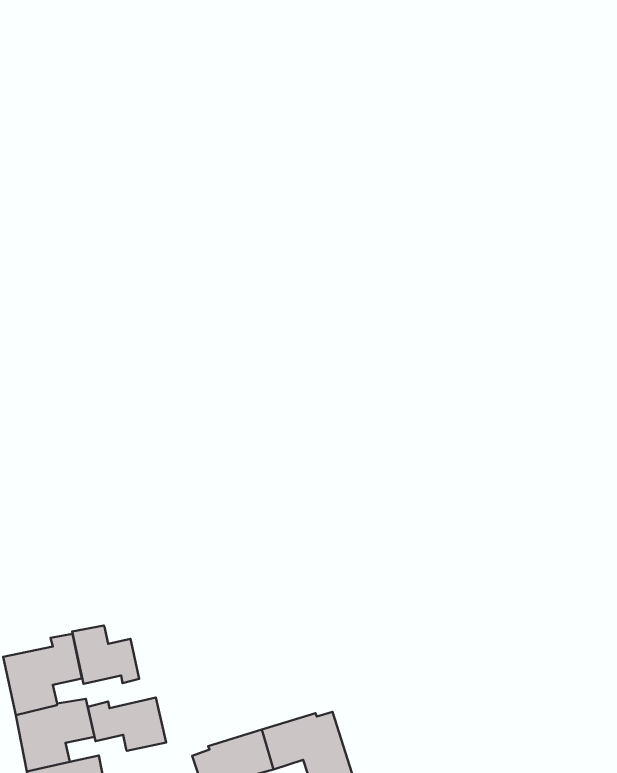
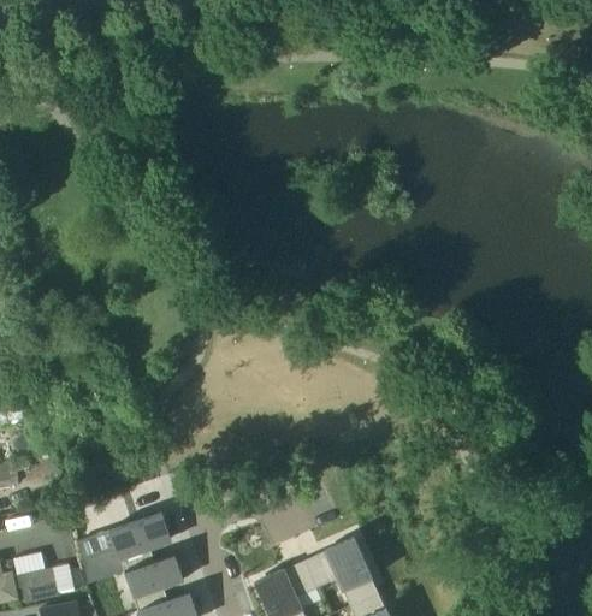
building: [72,626,139,684] -> none
building: [88,698,166,751] -> none

